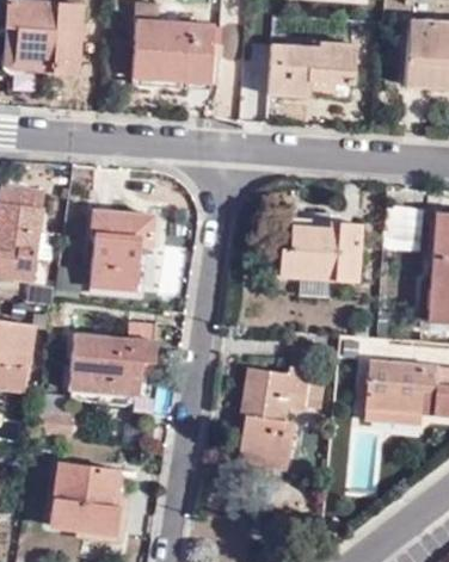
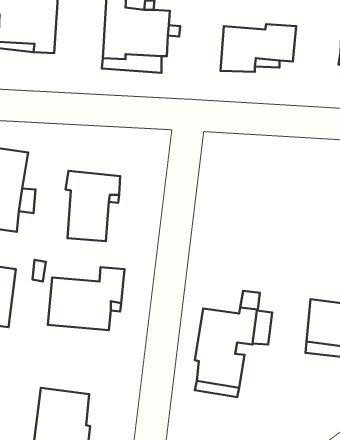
building: [281,222,363,284] -> none

